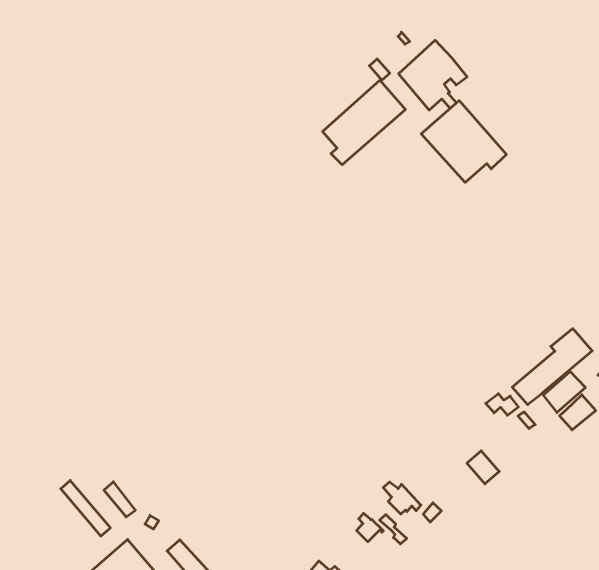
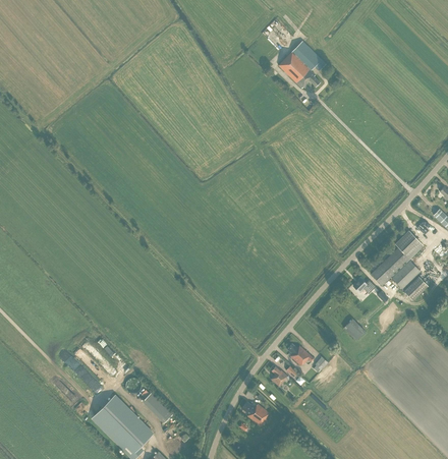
building: [323,80,405,165] -> none
building: [421,101,506,182] -> none

